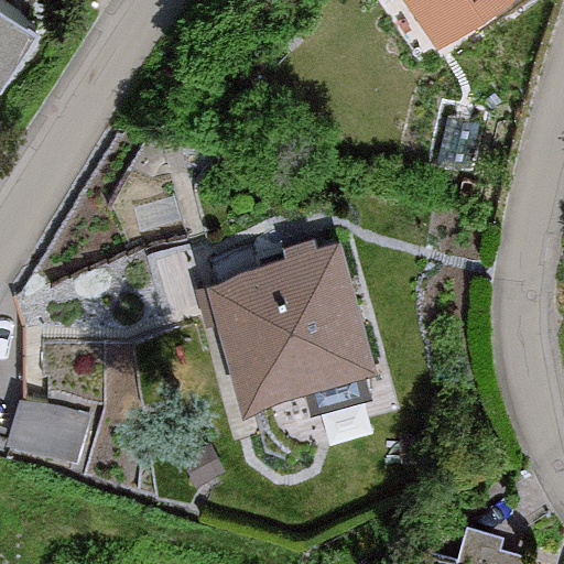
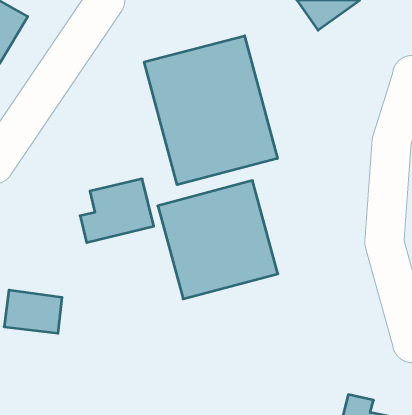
building: none -> [144,36,277,185]

